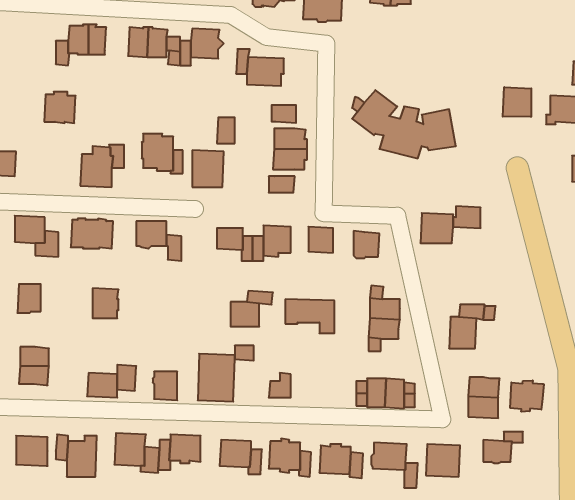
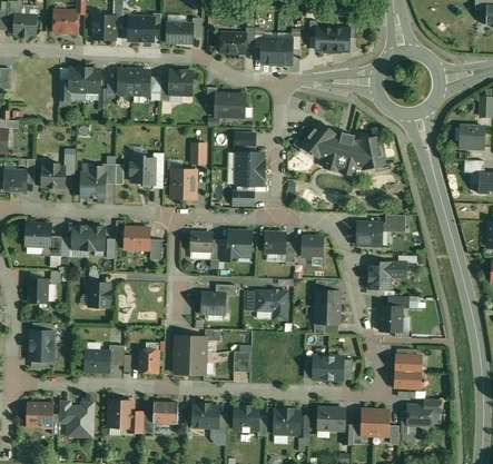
building: [503,87,531,117] -> none
building: [44,92,76,123] -> [40,162,66,188]
building: none -> [368,261,406,288]
building: [510,380,544,412] -> none

